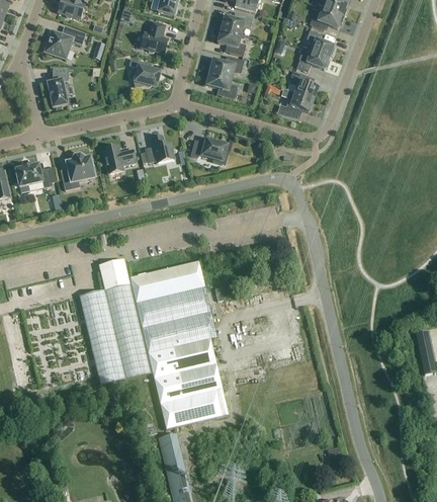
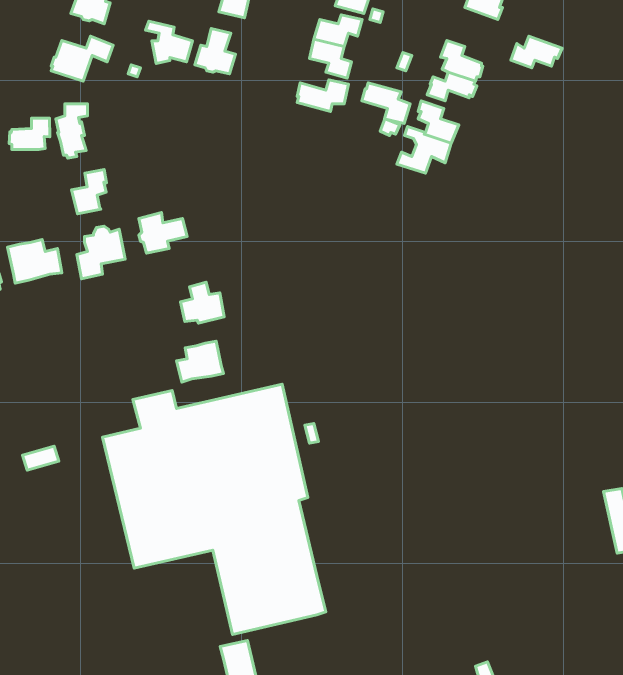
building: [310,7,344,28] -> [511,36,562,68]
building: [128,58,160,86] -> [146,21,192,63]
building: [205,71,238,98] -> [362,83,410,123]
building: none -> [9,118,50,149]
building: none -> [72,169,106,214]
building: [145,135,174,162] -> [180,282,224,323]
building: [191,137,228,163] -> none
building: none -> [176,341,223,382]

